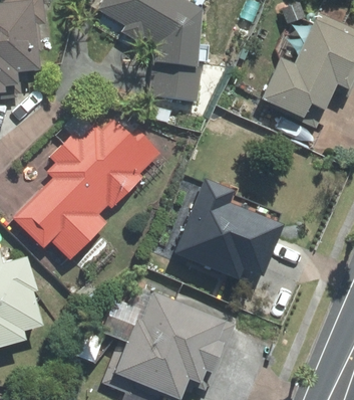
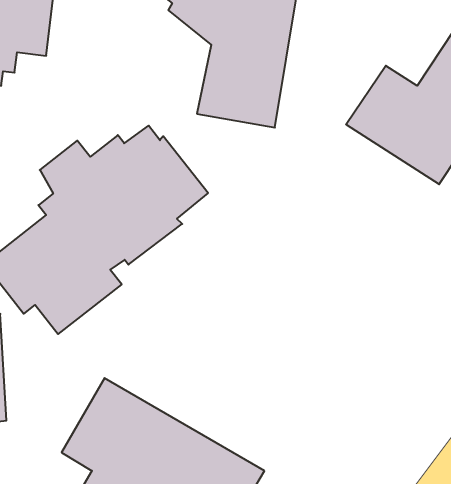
building: [172,179,283,281] -> none

